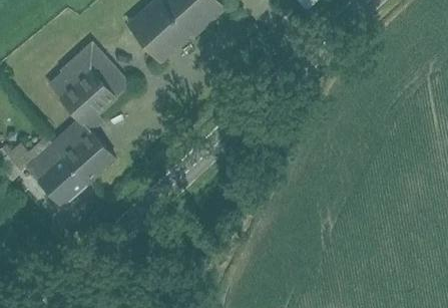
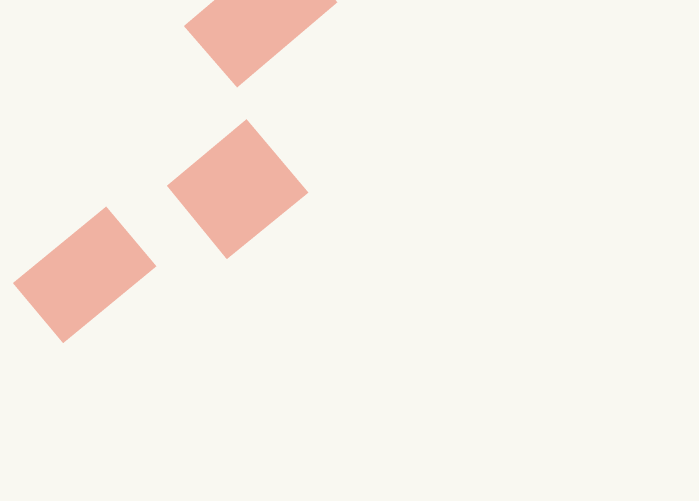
building: [46,43,131,127] -> [166,118,310,260]

